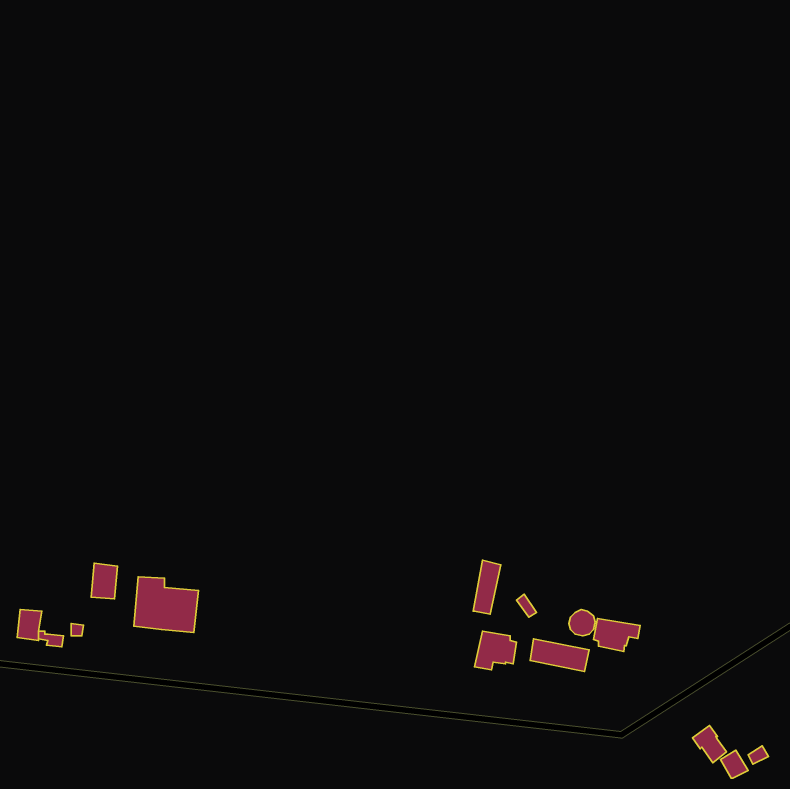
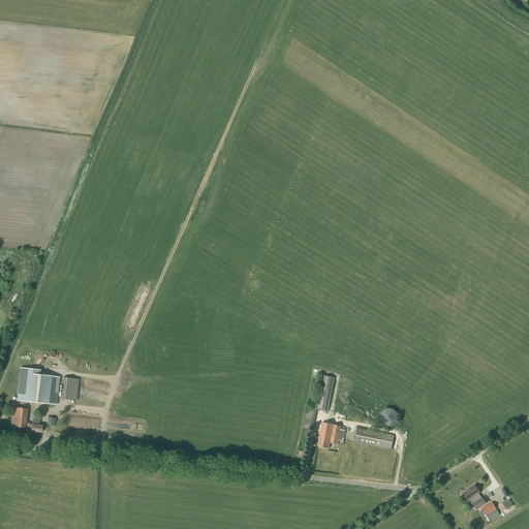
building: [134,577,199,632] -> [15,367,59,404]
building: [593,618,640,651] -> none

